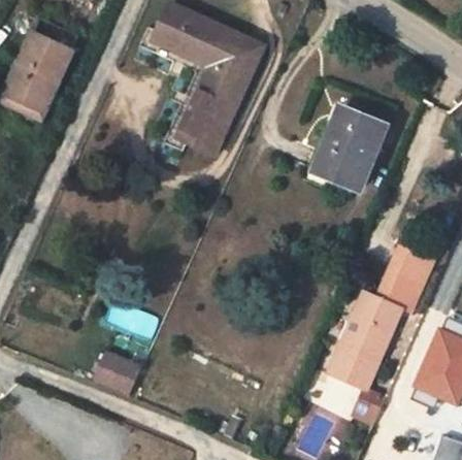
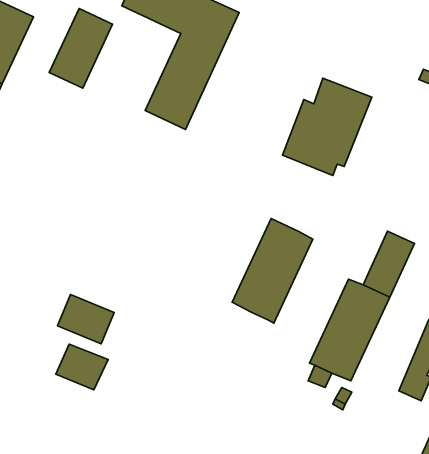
building: none -> [49,8,113,88]
building: none -> [232,218,313,323]
building: none -> [57,294,114,344]

